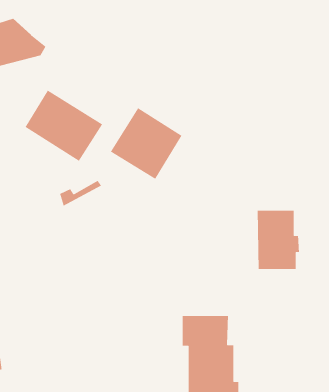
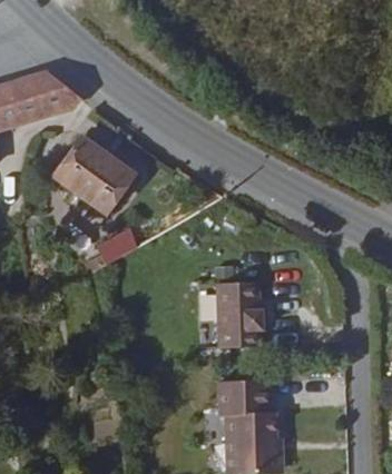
building: [110,107,182,180] -> none
building: [257,210,300,270] -> [218,283,264,346]

